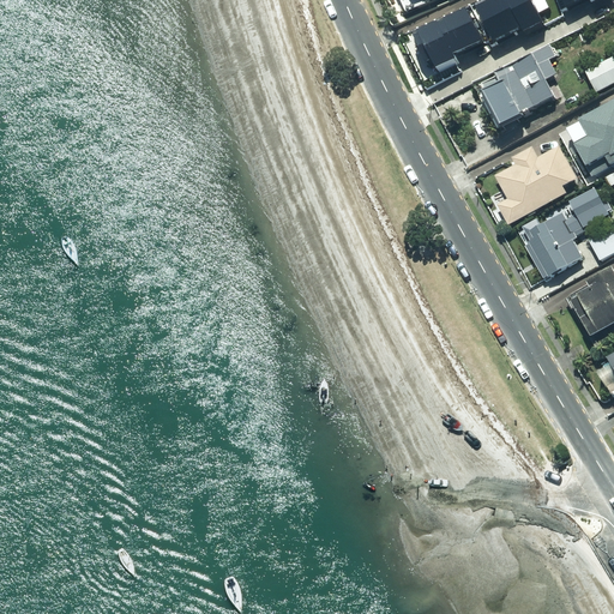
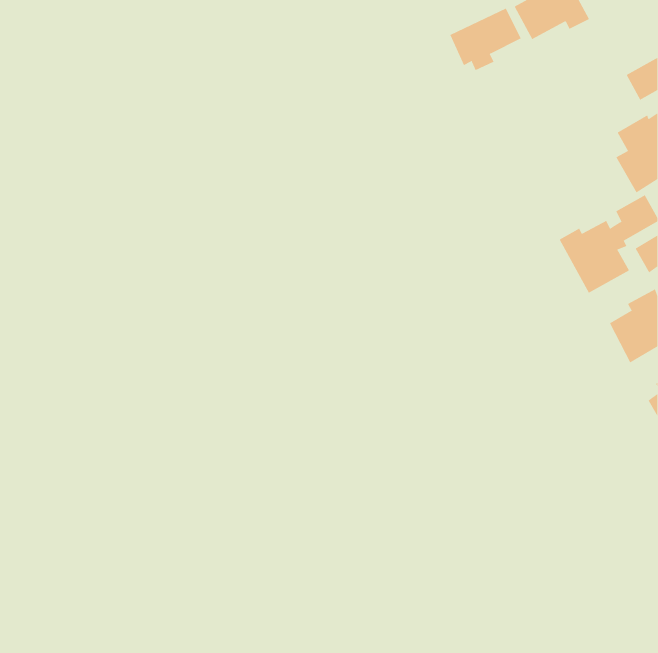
building: [484,46,562,130] -> none
building: [494,146,578,225] -> none

